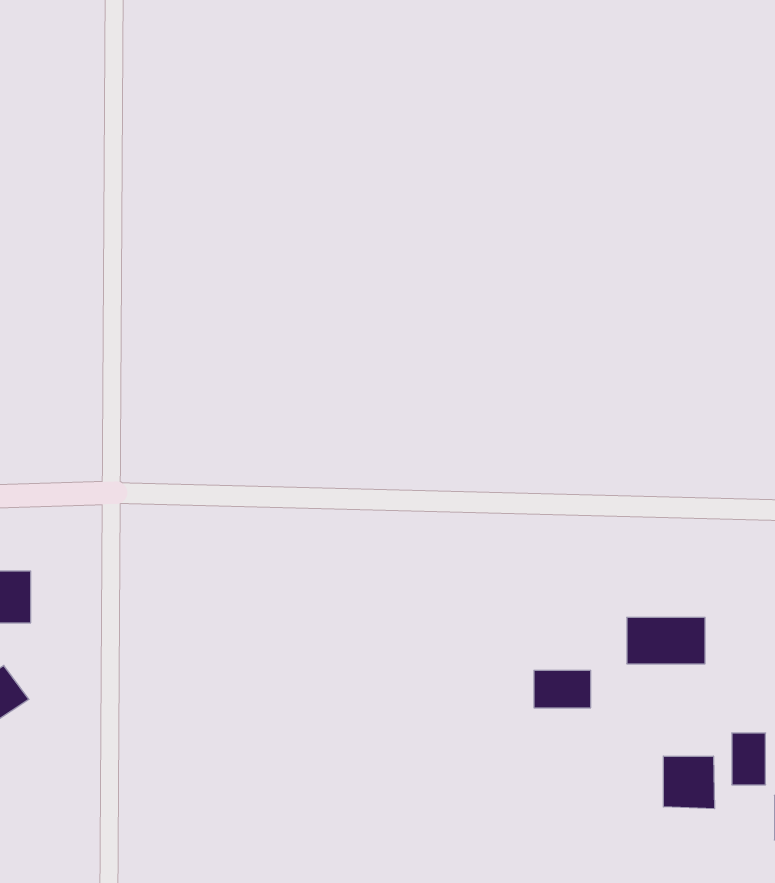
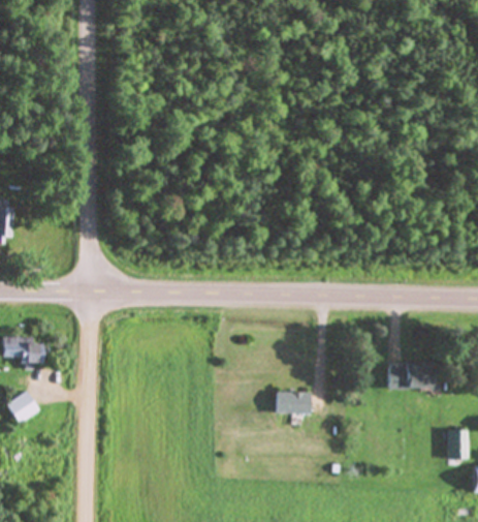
building: [534,670,591,708] -> [277,392,310,413]
building: [663,756,715,809] -> none

